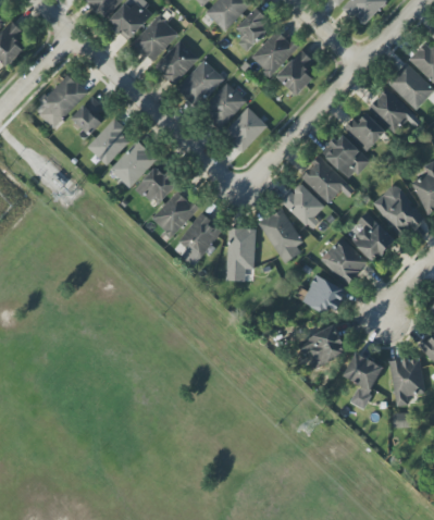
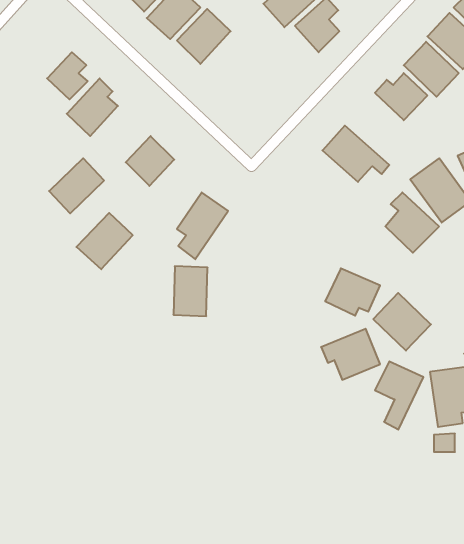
building: [38,73,87,128] -> none
building: [202,83,246,126] -> none
building: [223,107,266,151] -> none
building: [323,134,369,181] -> none
building: [110,140,156,186] -> [49,158,104,213]
building: [281,182,324,230] -> none
building: [150,190,197,237] -> [76,213,133,269]
building: [258,208,302,263] -> none
building: [226,227,255,269] -> [173,266,208,316]
building: [320,237,368,285] -> [373,293,431,351]

